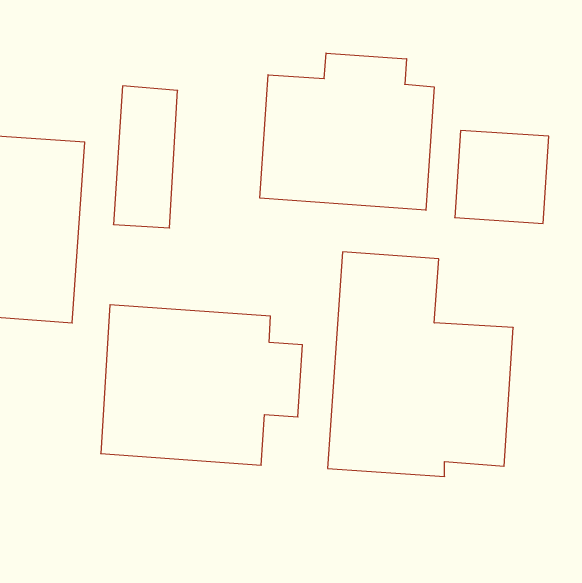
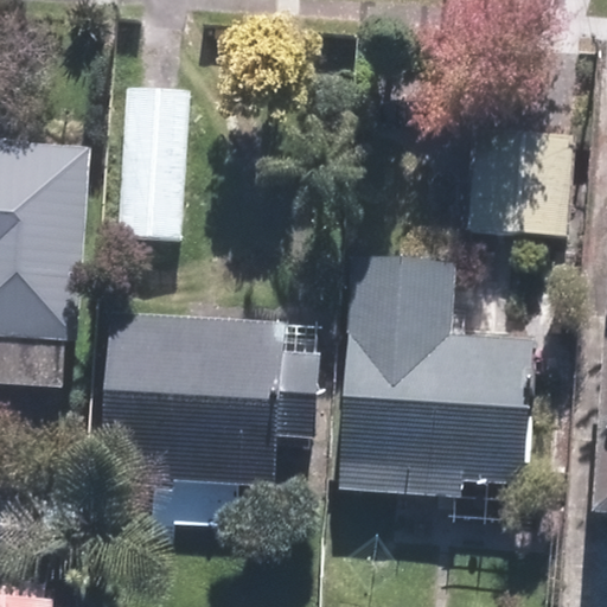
building: [260,53,434,210] -> none

